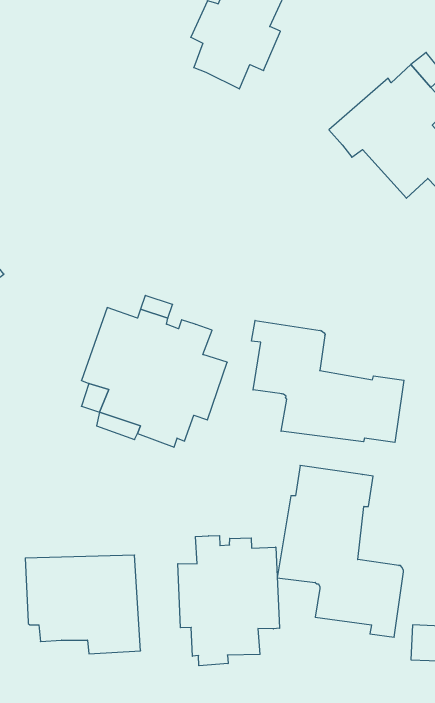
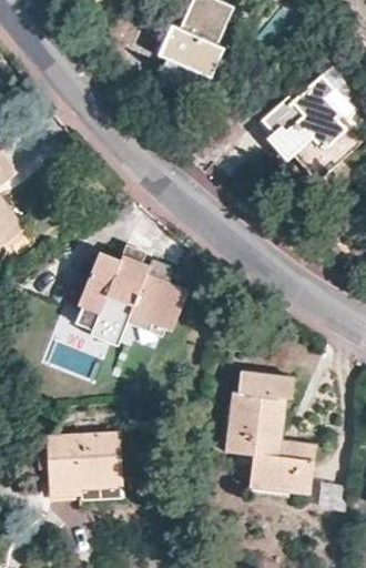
building: [252,320,404,442] -> none
building: [178,536,280,666] -> none

